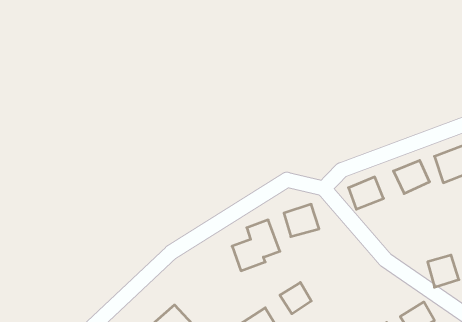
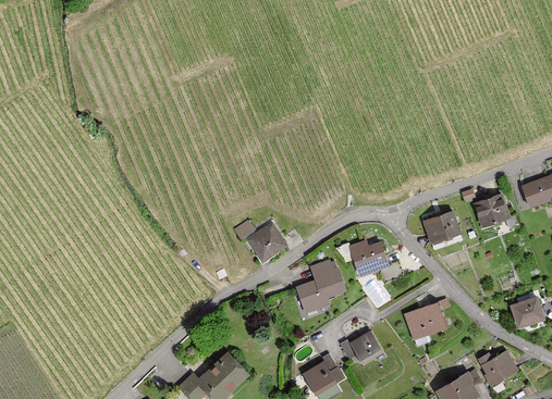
building: none -> [245,223,287,264]
building: none -> [403,301,446,339]

